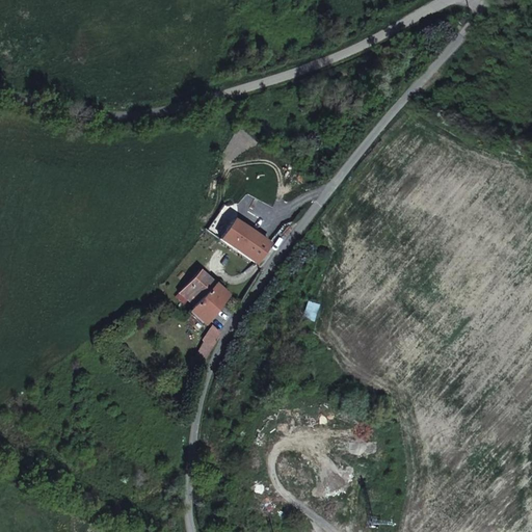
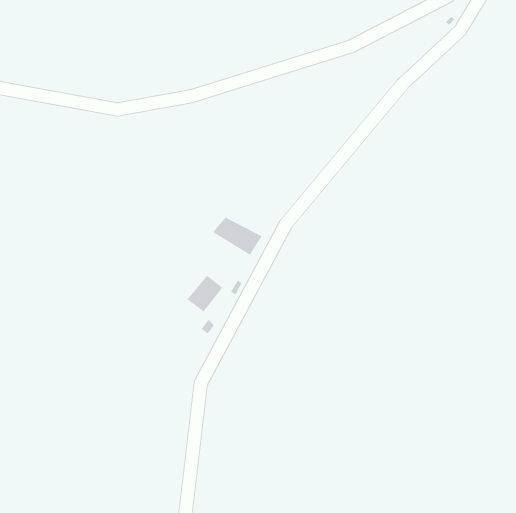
building: [180,270,214,305] -> none

